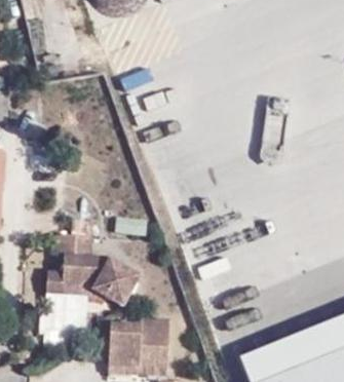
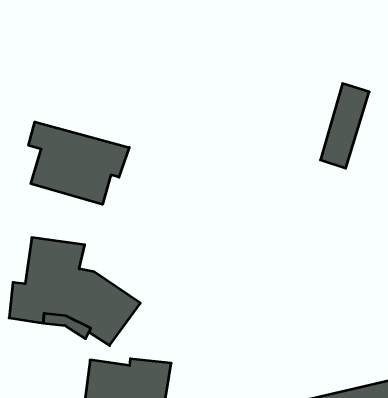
building: none -> [29,122,129,204]

